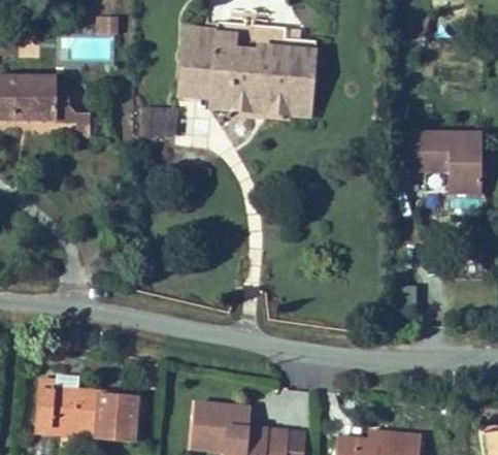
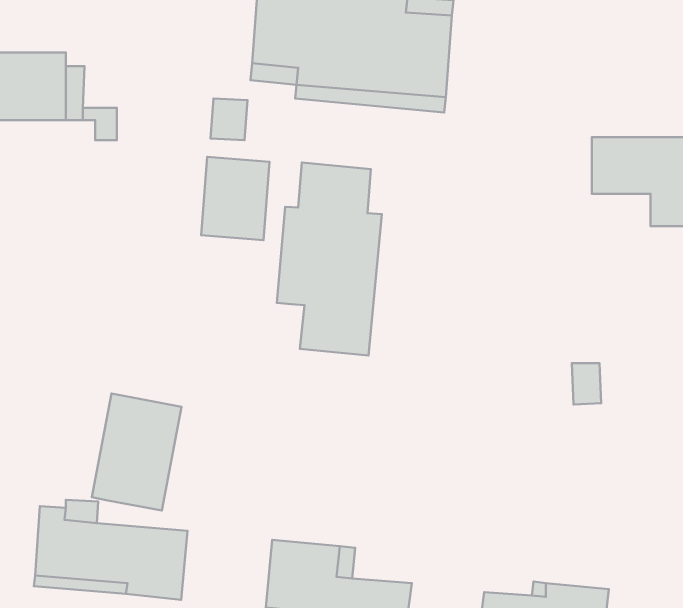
building: none -> [201,157,270,240]
building: none -> [277,162,382,356]
building: none -> [92,393,182,511]

